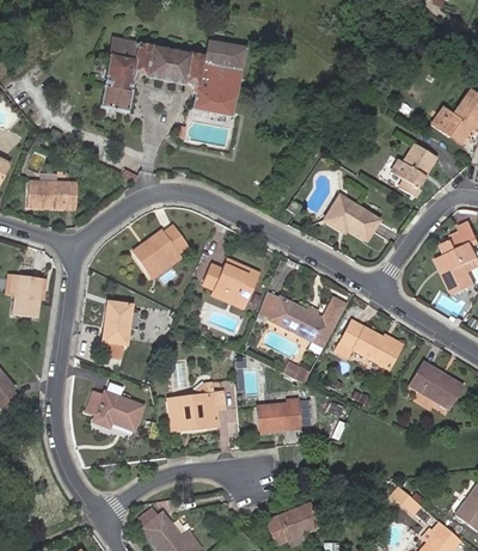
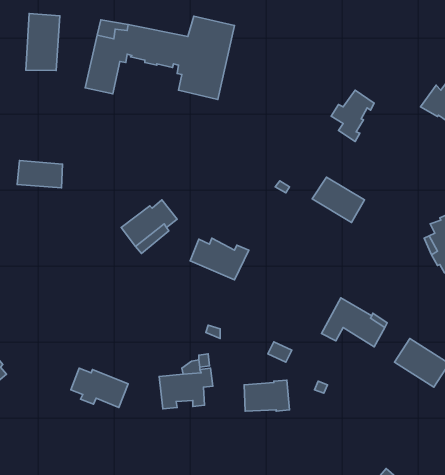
building: none -> [26,14,60,70]
building: [391,148,434,200] -> [331,90,374,141]
building: [17,276,45,318] -> none
building: [270,294,324,338] -> none
building: [102,301,129,344] -> none

